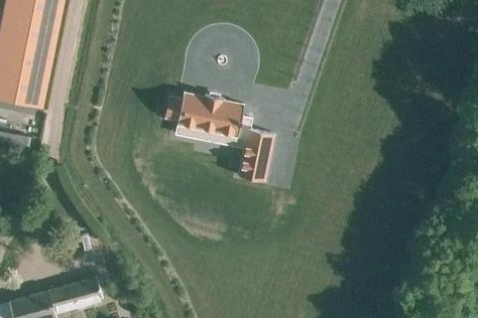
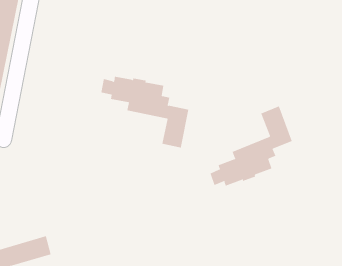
building: none -> [210,106,292,187]

